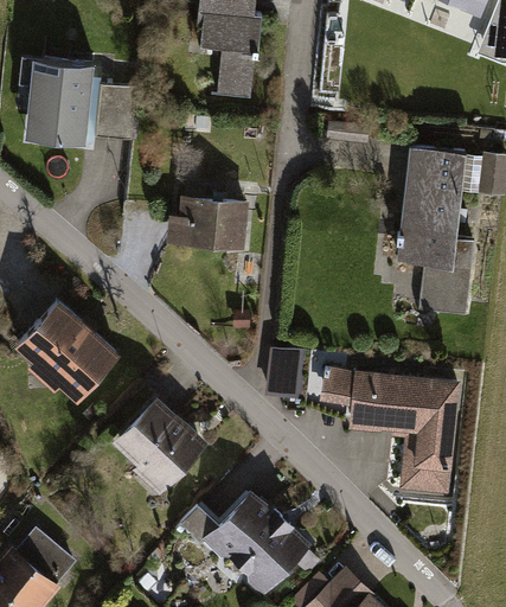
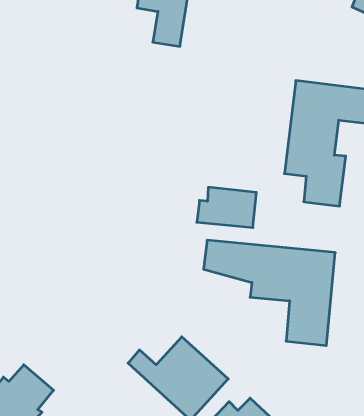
building: [17,57,97,154] -> none
building: [167,197,248,251] -> [197,187,256,228]
building: [15,300,121,404] -> none
building: [109,395,209,493] -> none

